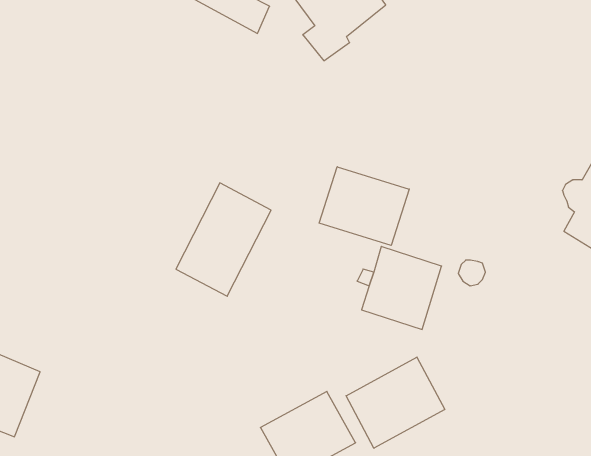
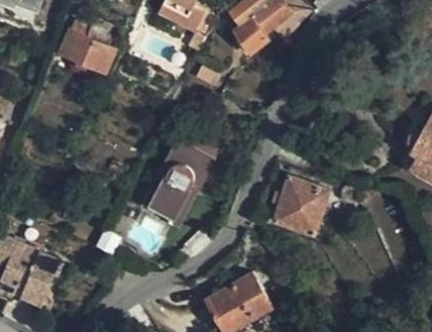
building: none -> [60,22,115,73]
building: [319,167,409,245] -> none
building: [346,357,445,448] -> none

